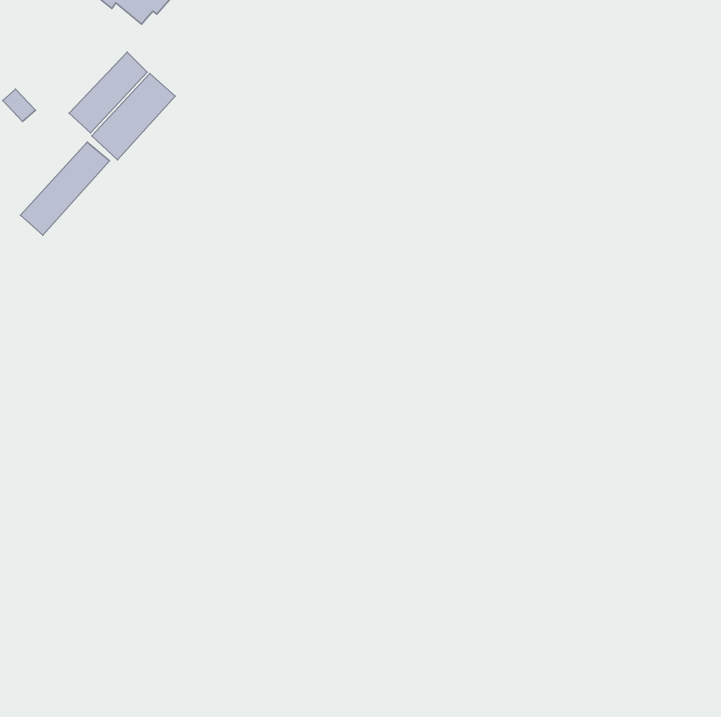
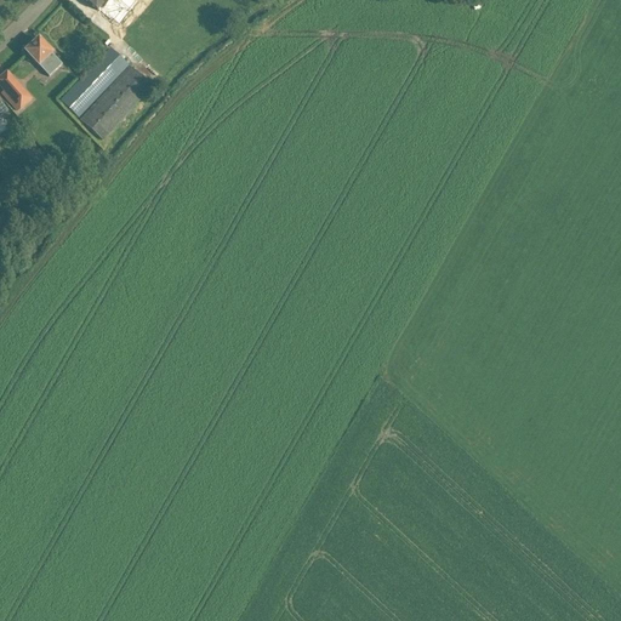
building: none -> [24,35,61,73]
building: [21,142,109,235] -> none

